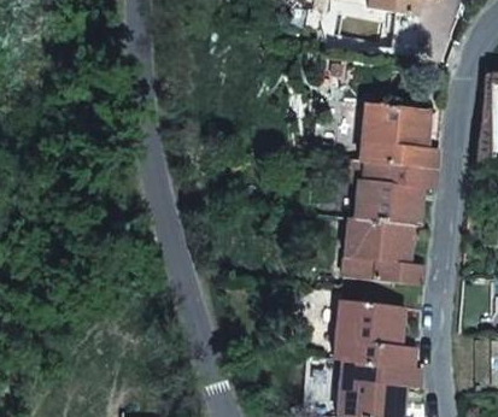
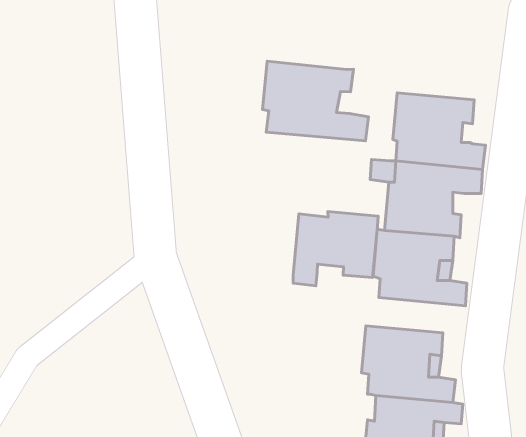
building: none -> [262,61,369,141]
building: none -> [293,211,378,286]

